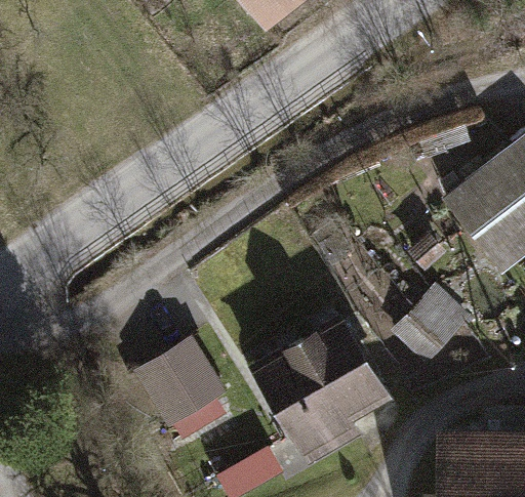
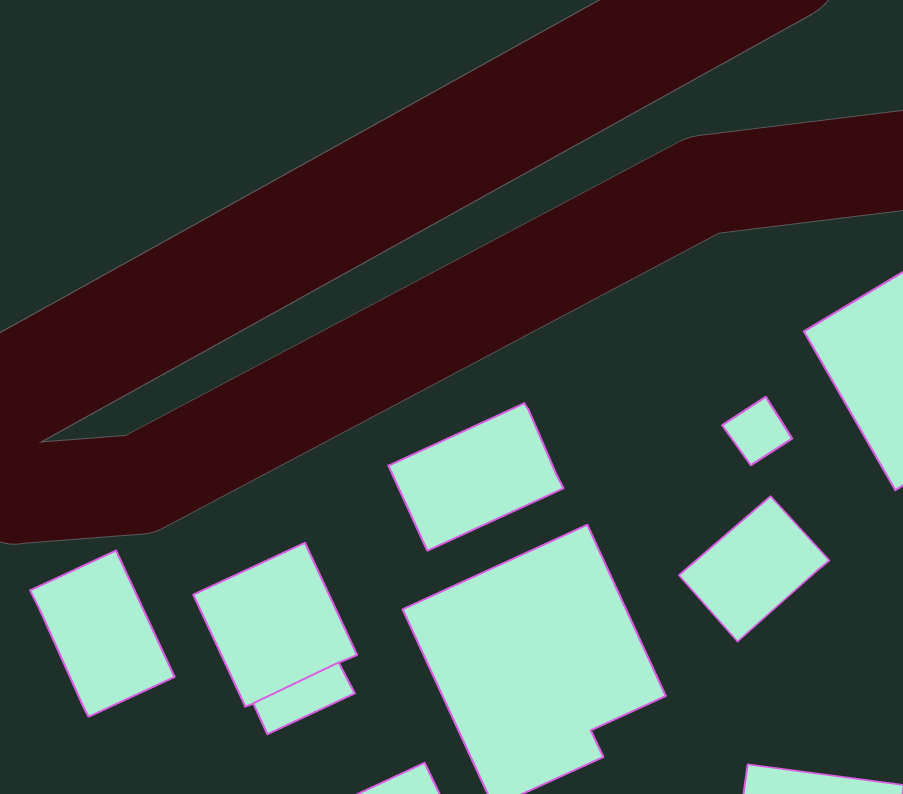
building: none -> [388,403,563,551]
building: none -> [30,550,174,717]

